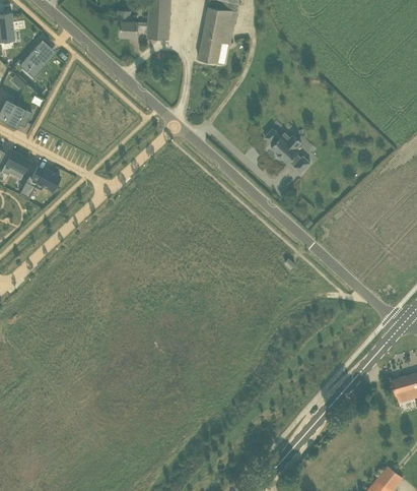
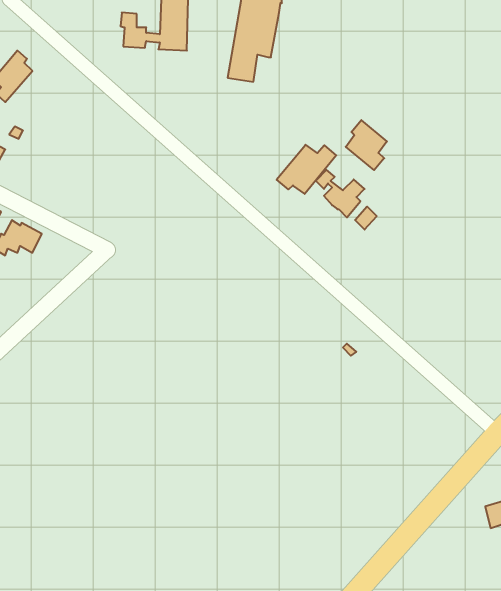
building: none -> [346,120,387,170]
building: none -> [277,145,336,194]

